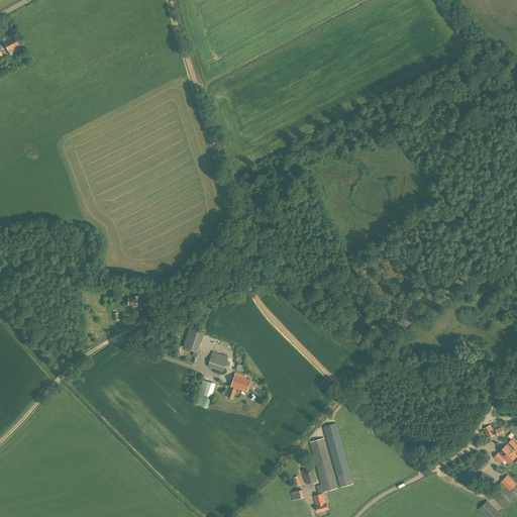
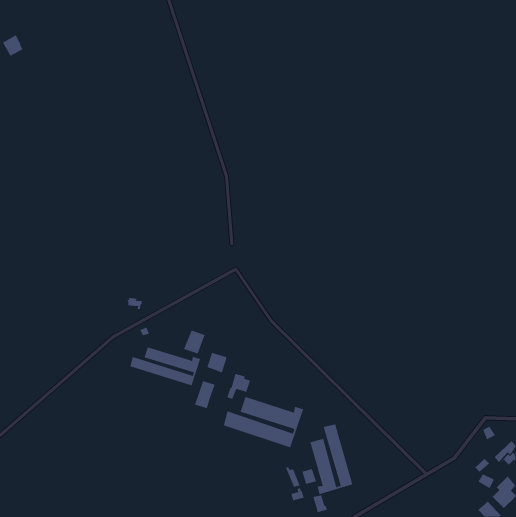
building: none -> [130,347,201,386]
building: none -> [223,396,304,448]

